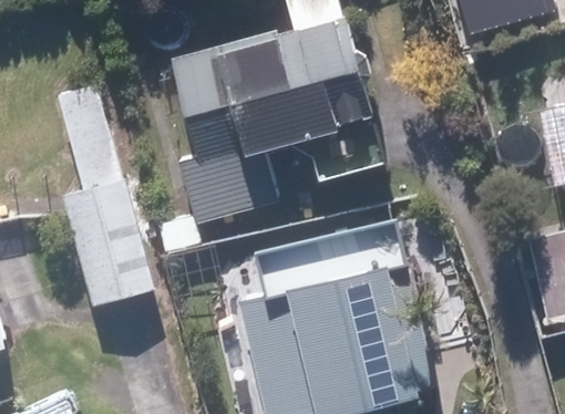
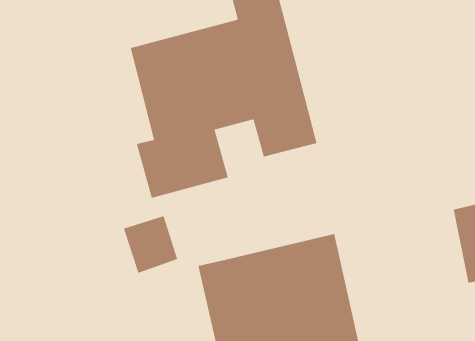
building: [55,82,155,310] -> none

